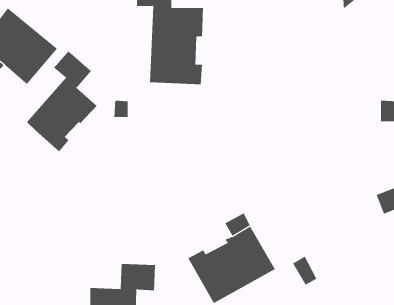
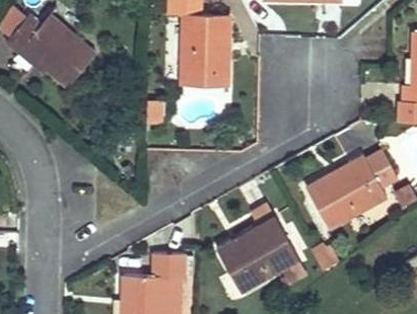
building: [26,50,98,152] -> none
building: none -> [306,152,398,230]

